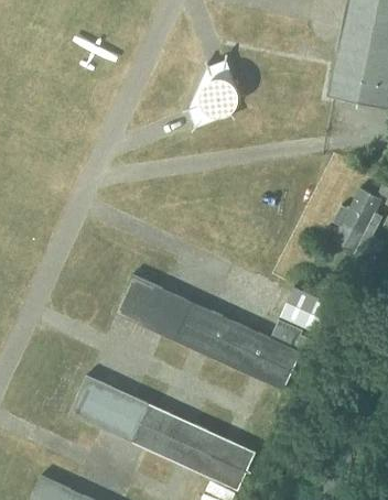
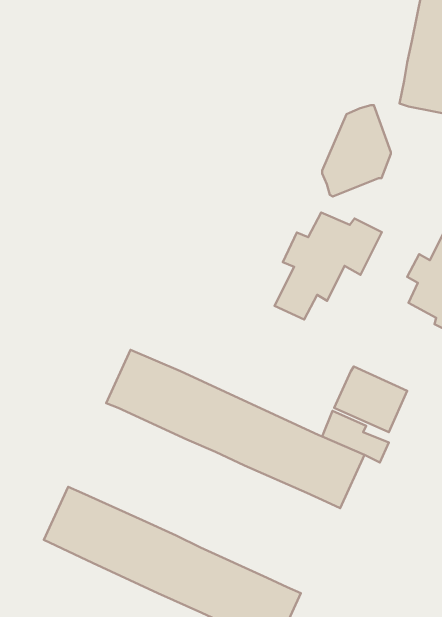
building: [190,62,239,128] -> [322,105,391,196]
building: none -> [275,213,382,319]

